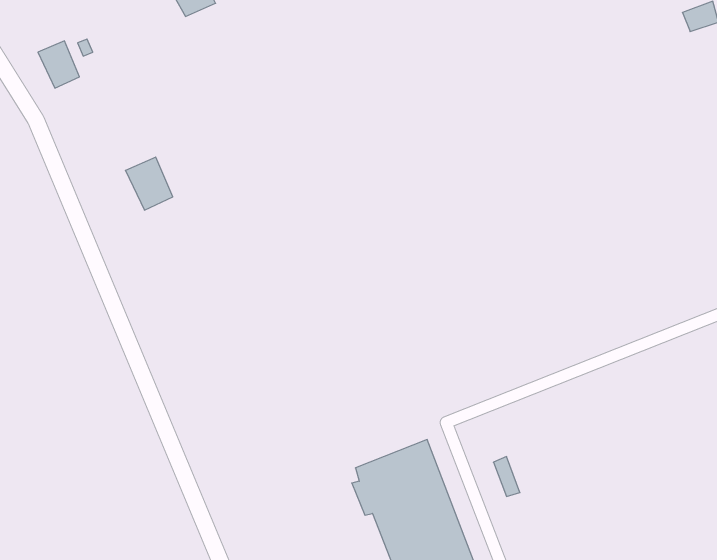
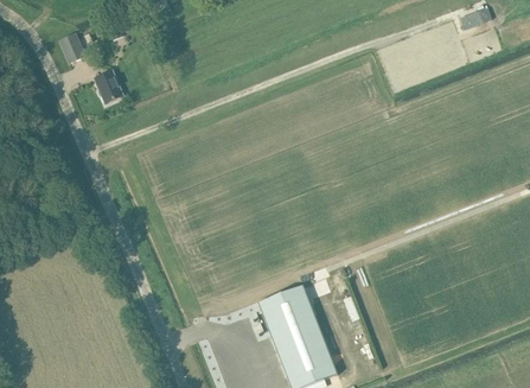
building: [125,157,173,210] -> [92,70,122,103]

